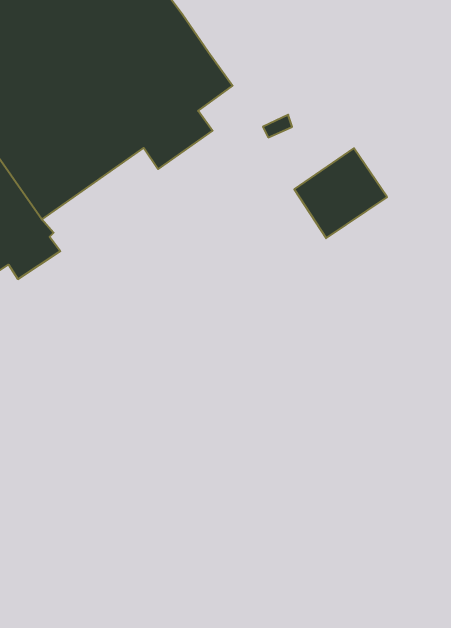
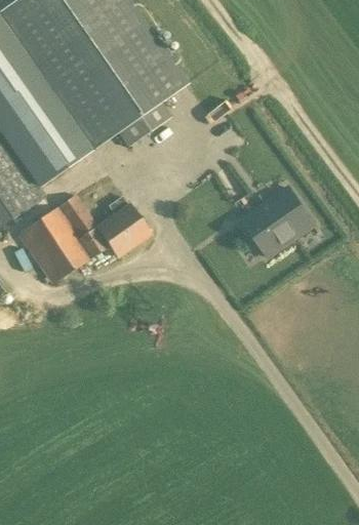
building: [294,148,387,238] -> [244,188,316,257]
building: none -> [19,195,152,283]

